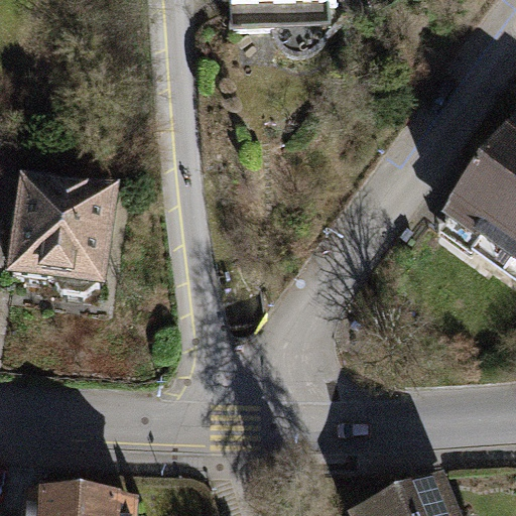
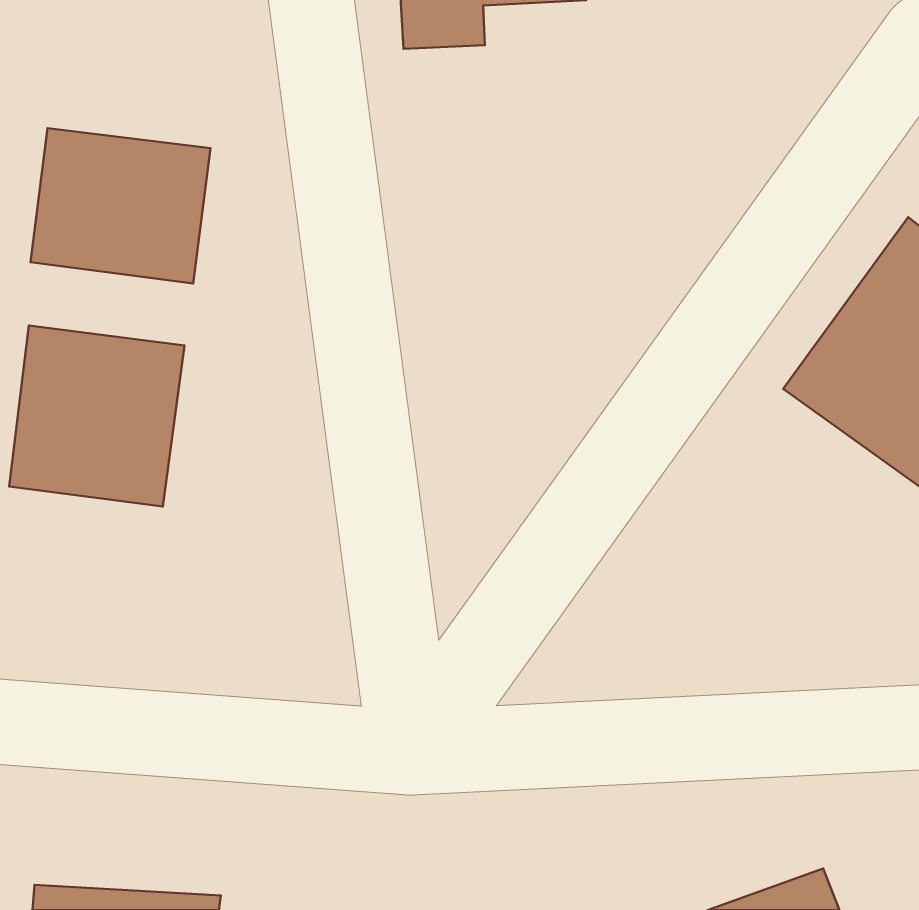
building: none -> [30,128,210,284]

